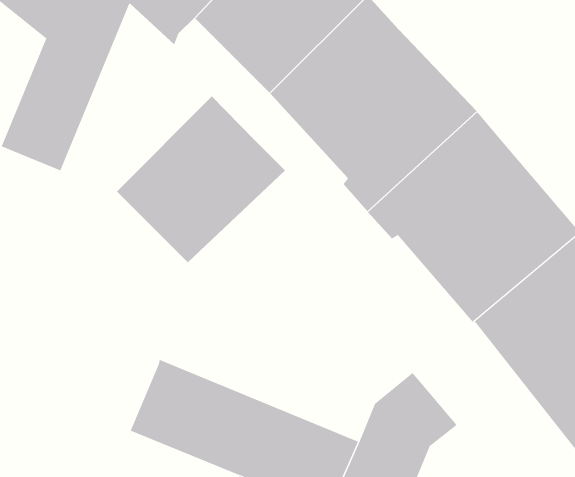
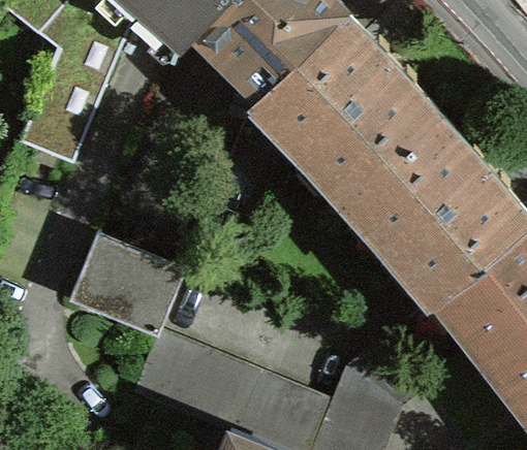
building: [116,96,286,263] -> none
building: none -> [69,236,182,336]

